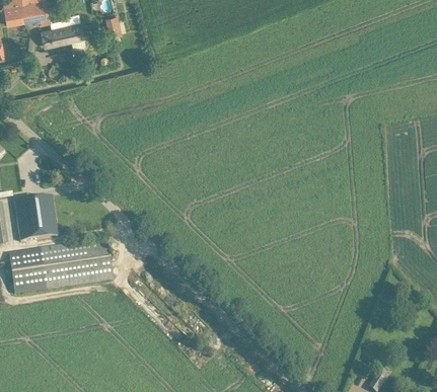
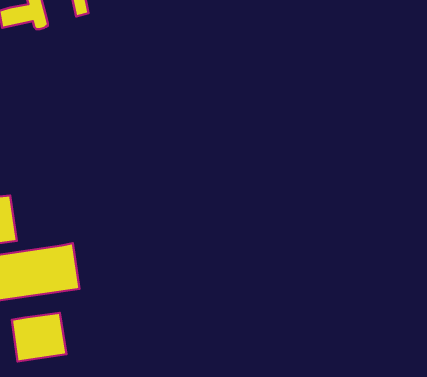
building: none -> [12,313,66,362]

